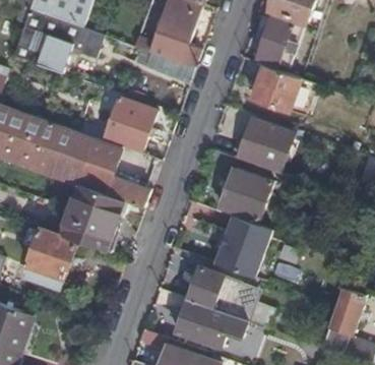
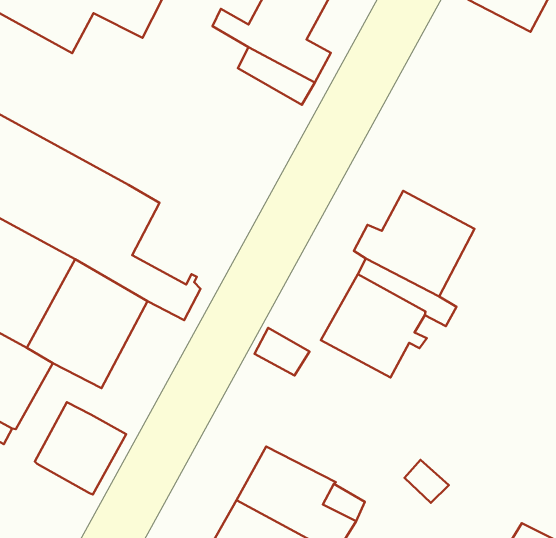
building: [257,15,293,63] -> none
building: [253,64,317,112] -> none
building: [103,97,155,151] -> none
building: [215,216,275,278] -> none
building: none -> [35,402,126,495]

